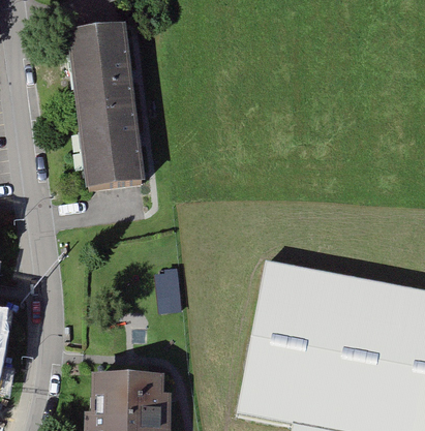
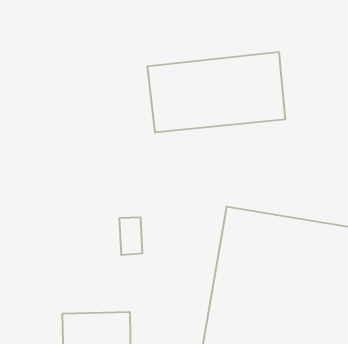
building: [68,30,145,189] -> none
building: none -> [148,52,285,133]

